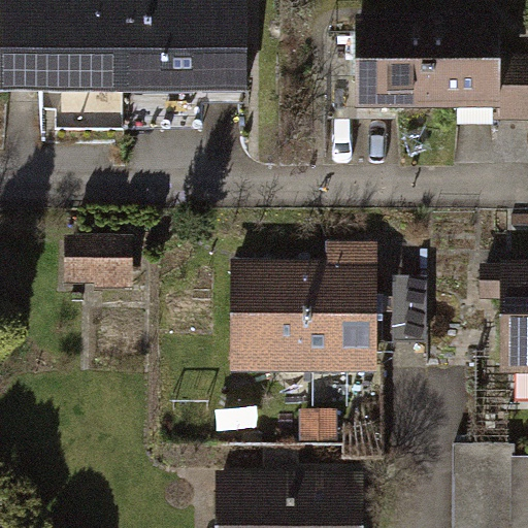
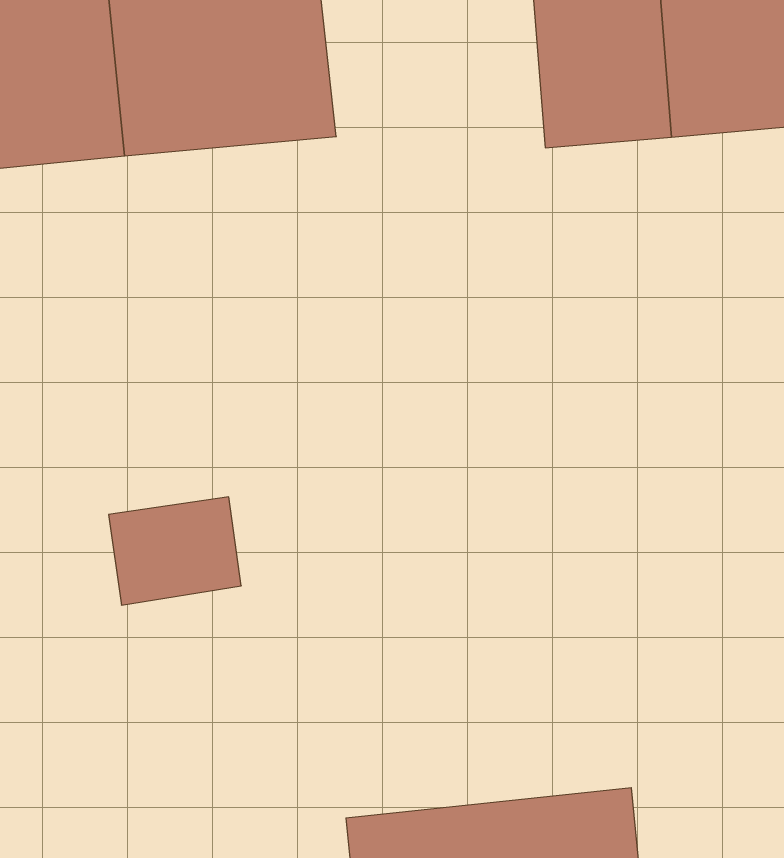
building: [75,229,144,283] -> [109,497,241,605]
building: [229,263,383,374] -> none

